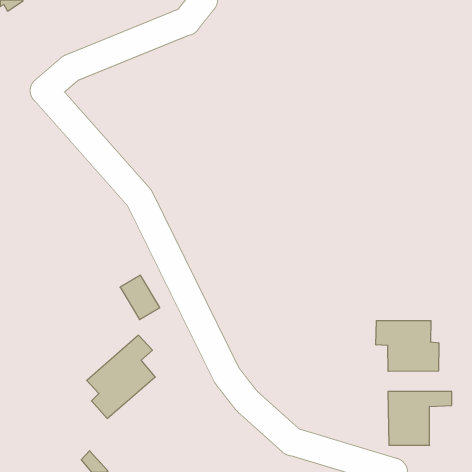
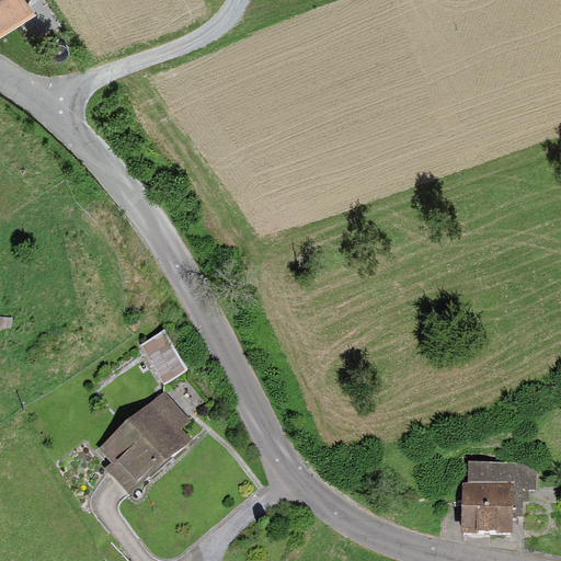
building: [376,321,439,371] -> none

